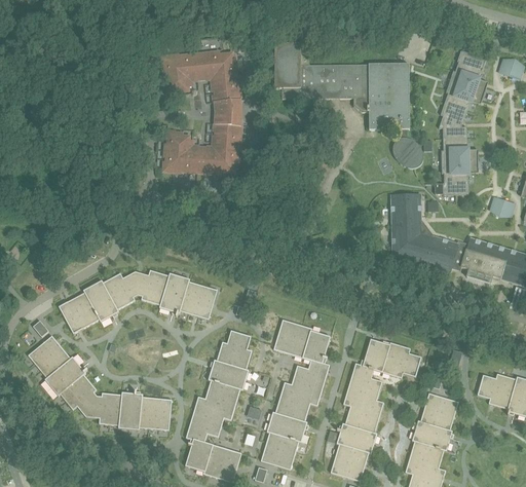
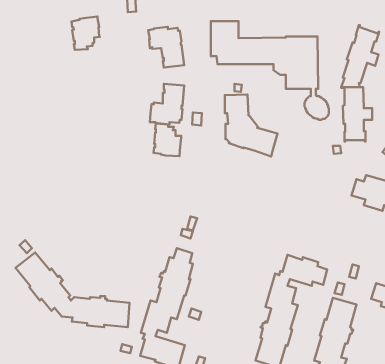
building: [161,53,197,96] -> [72,16,100,50]
building: [214,100,240,125] -> none
building: [163,132,198,173] -> [153,124,181,156]
building: [390,194,457,272] -> [225,94,278,156]
building: [58,270,217,334] -> none
building: [260,320,330,471] -> none

